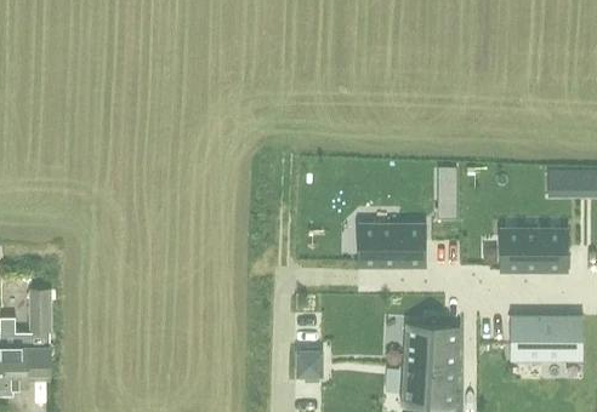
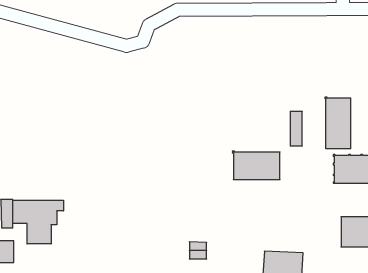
building: none -> [325,97,351,149]
building: none -> [13,200,63,244]
building: [403,324,459,367] -> none

